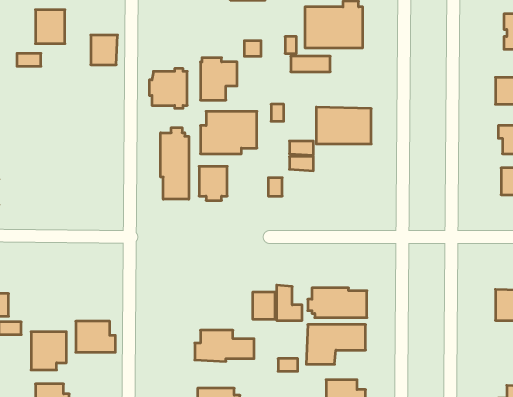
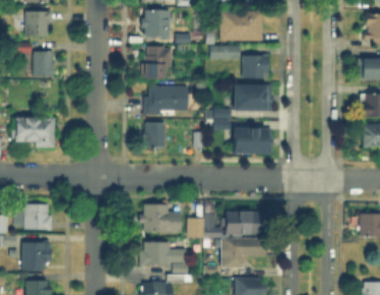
building: [91,35,118,65] -> [34,54,53,75]
building: [149,69,187,108] -> [142,10,170,39]
building: none -> [248,56,267,77]
building: [161,128,189,199] -> none
building: none -> [14,119,55,148]
building: none -> [229,126,267,152]
building: none -> [139,205,181,231]
building: [76,321,115,352] -> [23,206,52,229]

